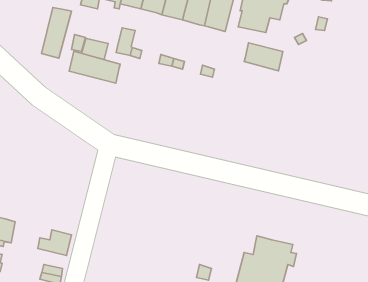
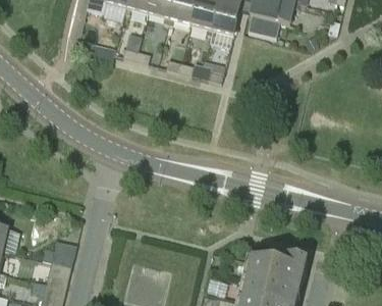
building: [41,7,71,58] -> none
building: [244,43,283,71] -> none
building: [69,51,120,83] -> none

